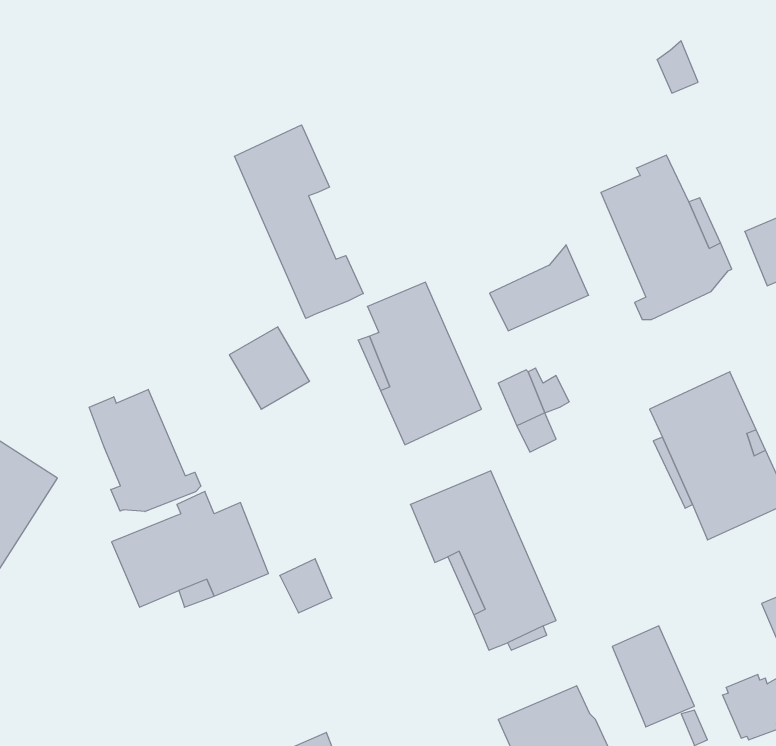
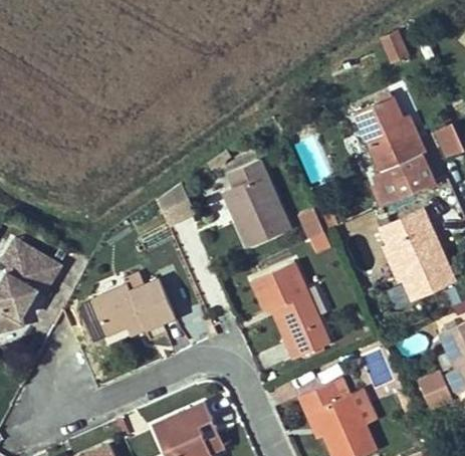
building: [234,125,363,318] -> none
building: [490,245,589,331] -> [381,155,434,201]
building: [89,389,201,512] -> none

